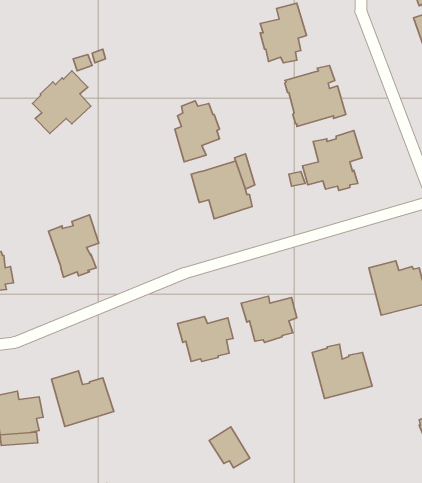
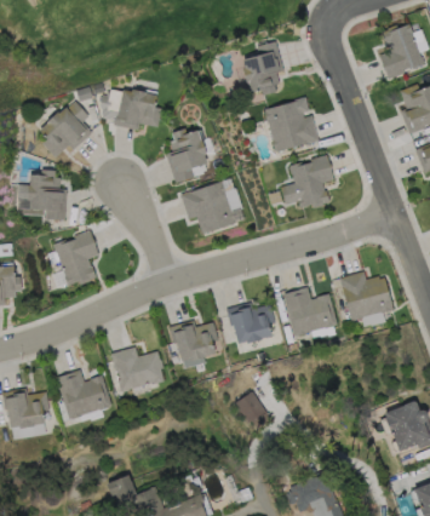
building: none -> [99,90,161,130]
building: none -> [17,170,67,220]
building: [312,344,372,398] -> [283,287,337,336]
building: none -> [110,348,164,391]
building: [209,427,250,468] -> [234,390,270,426]

